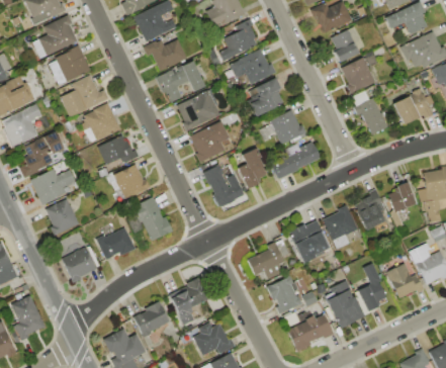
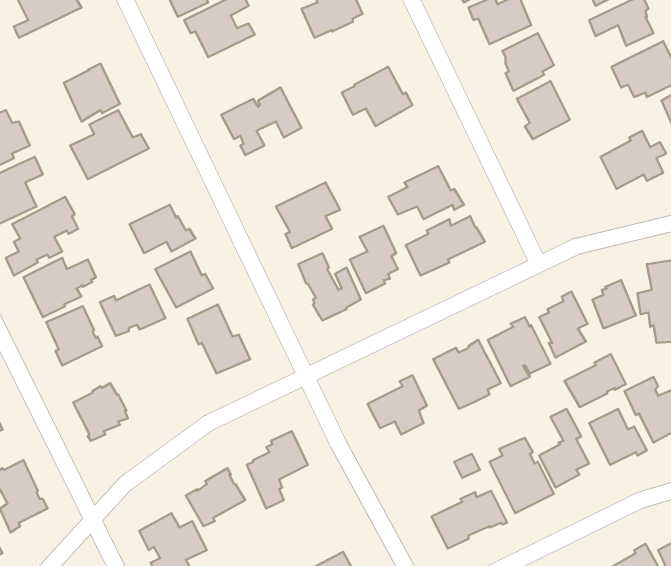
building: [37,14,78,57] -> none
building: [219,19,257,62] -> none
building: [143,39,187,72] -> none
building: [250,78,282,116] -> none
building: [177,89,220,130] -> none
building: [354,98,387,134] -> none
building: [81,102,120,141] -> none
building: [95,227,137,260] -> [100,285,166,336]
building: none -> [565,354,626,407]
building: [266,276,302,313] -> none
building: [193,323,236,356] -> none

